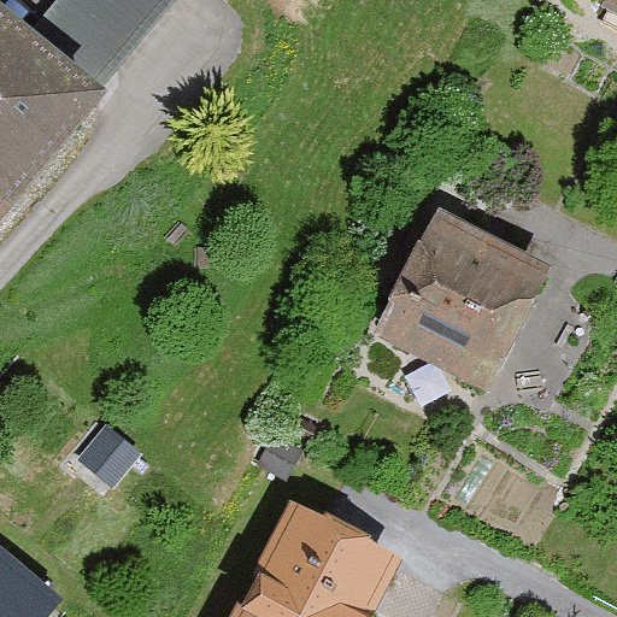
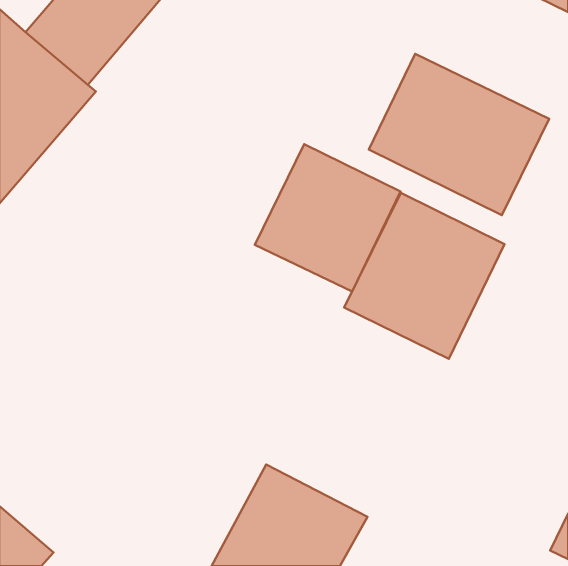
building: none -> [369,54,549,215]
building: none -> [255,144,400,292]

